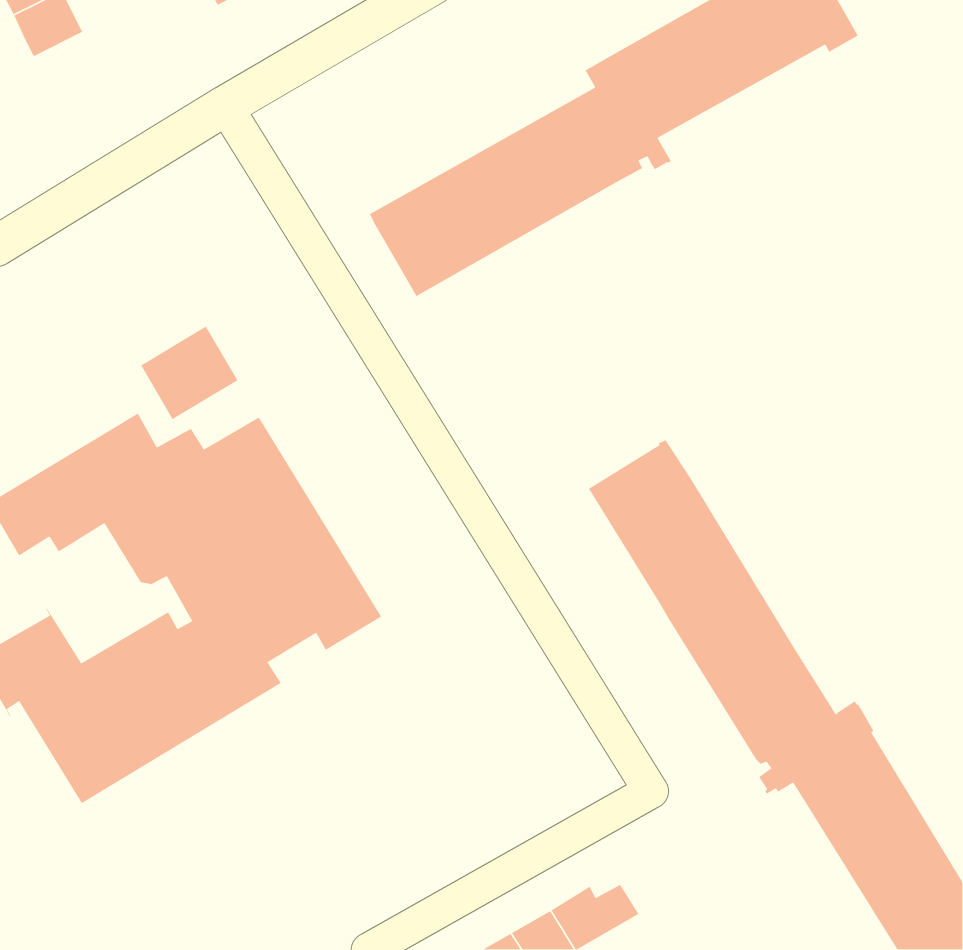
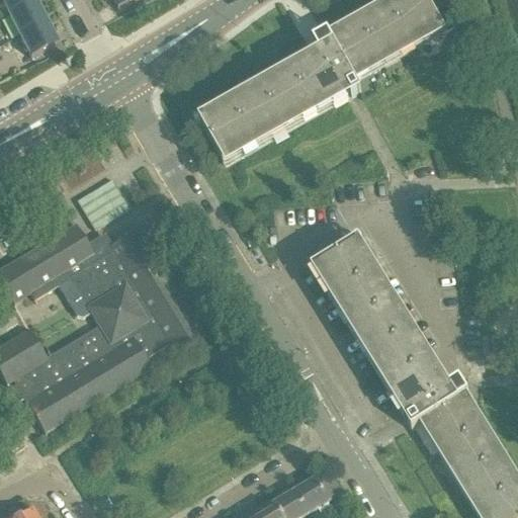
building: none -> [18,17,56,53]

